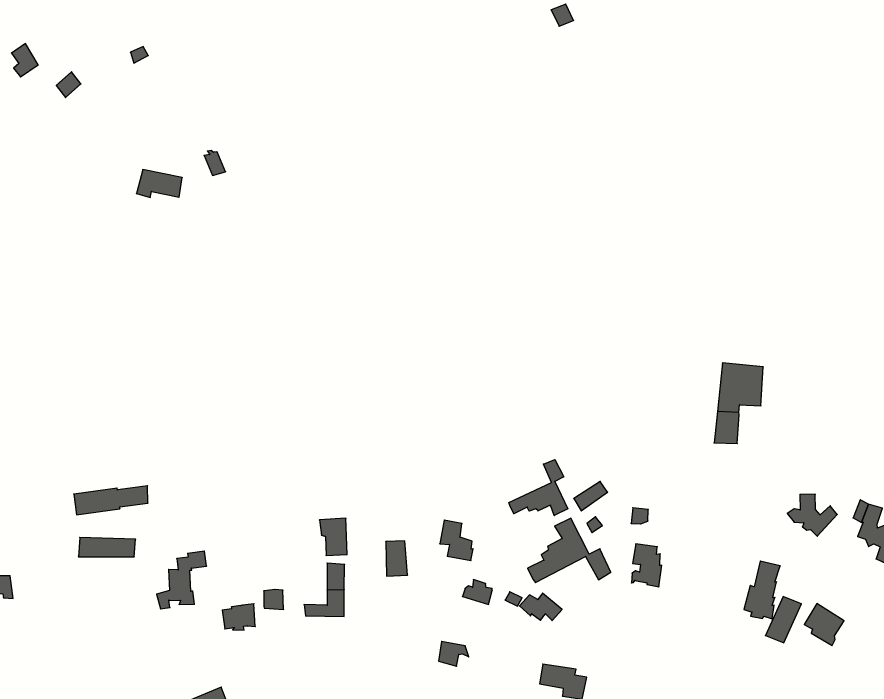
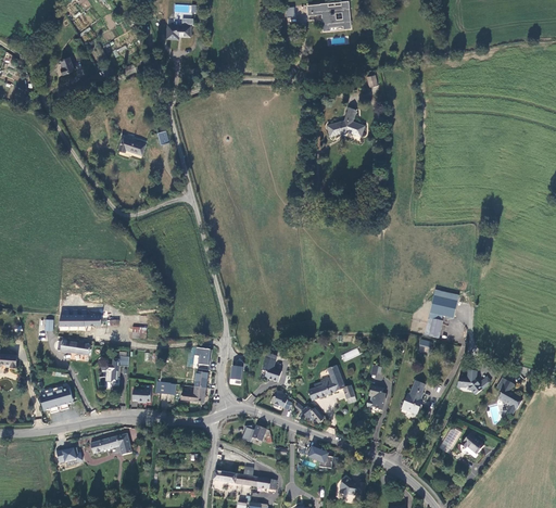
building: none -> [326,106,364,136]
building: [509,460,568,516] -> none
building: [744,561,780,619] -> [402,380,426,414]
building: none -> [38,386,72,412]

